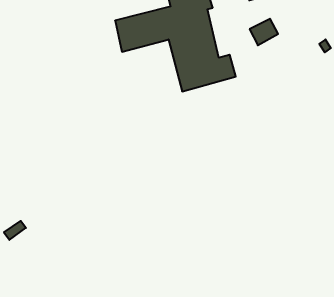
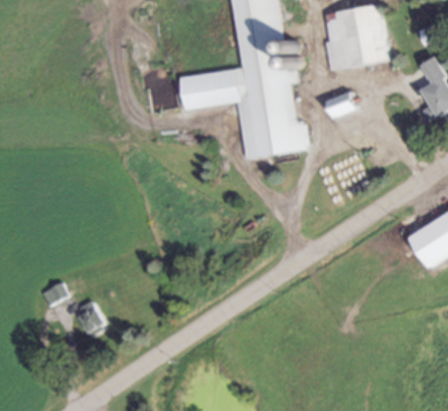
building: none -> [74,301,102,332]

